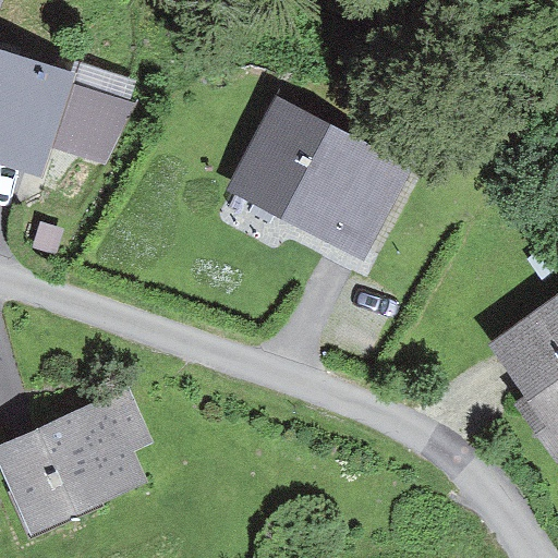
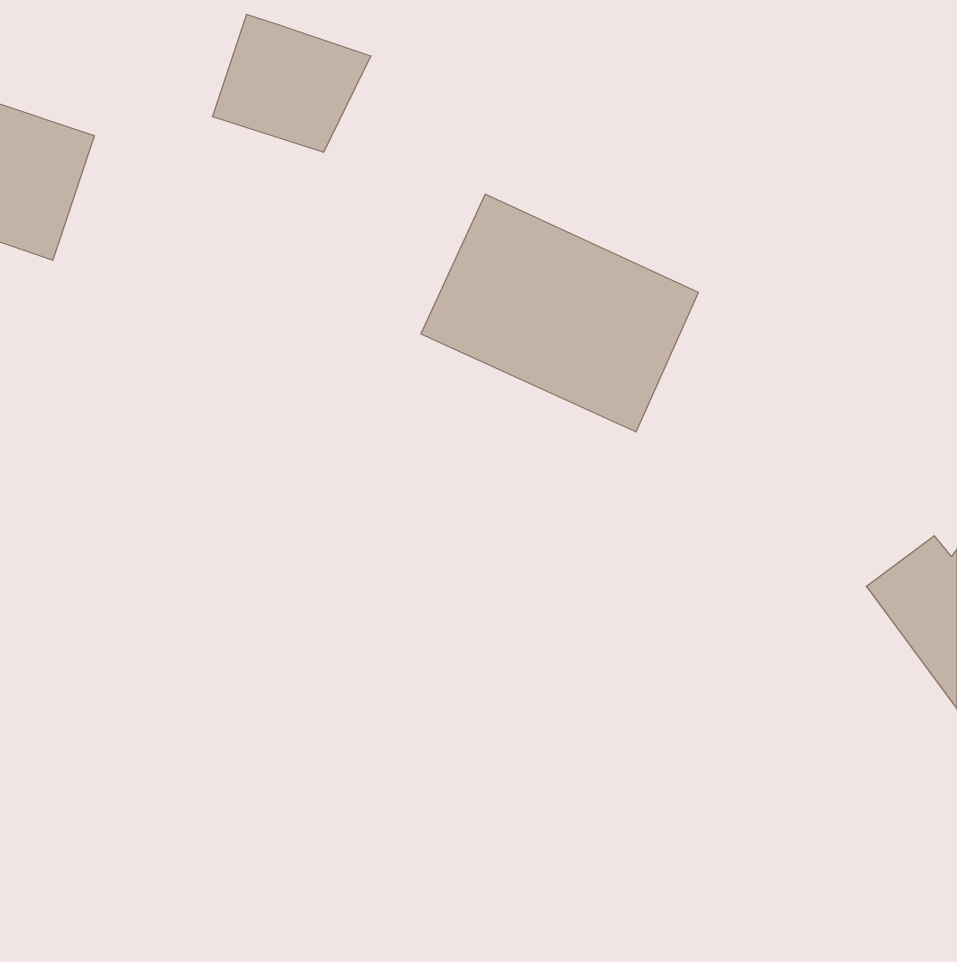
building: [35,80,126,159] -> [212,15,371,152]
building: [12,409,130,508] -> none

